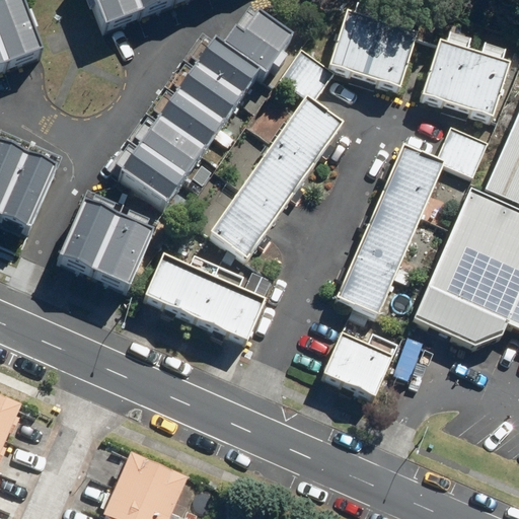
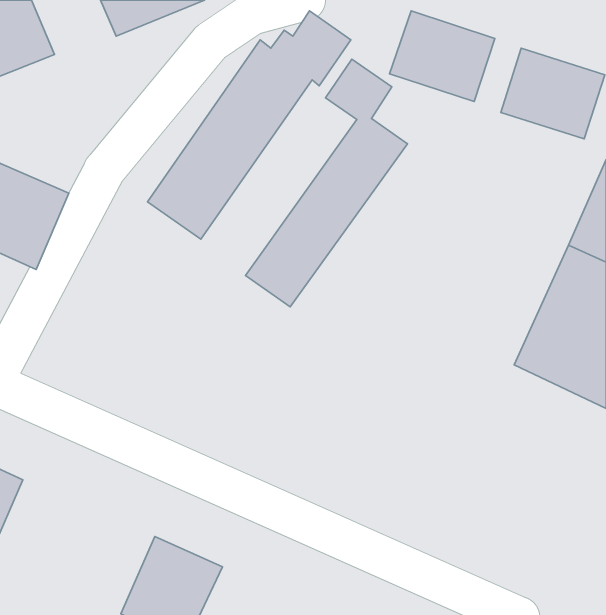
building: [333,130,483,315] -> none
building: [58,198,154,287] -> none
building: [144,254,264,341] -> none
building: [322,333,390,395] -> none

